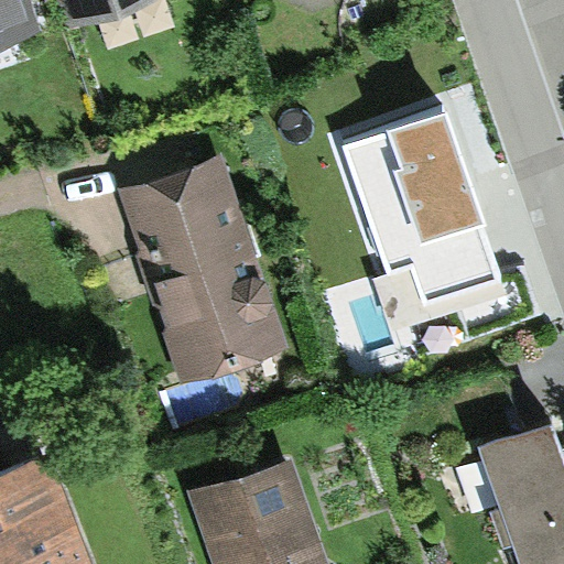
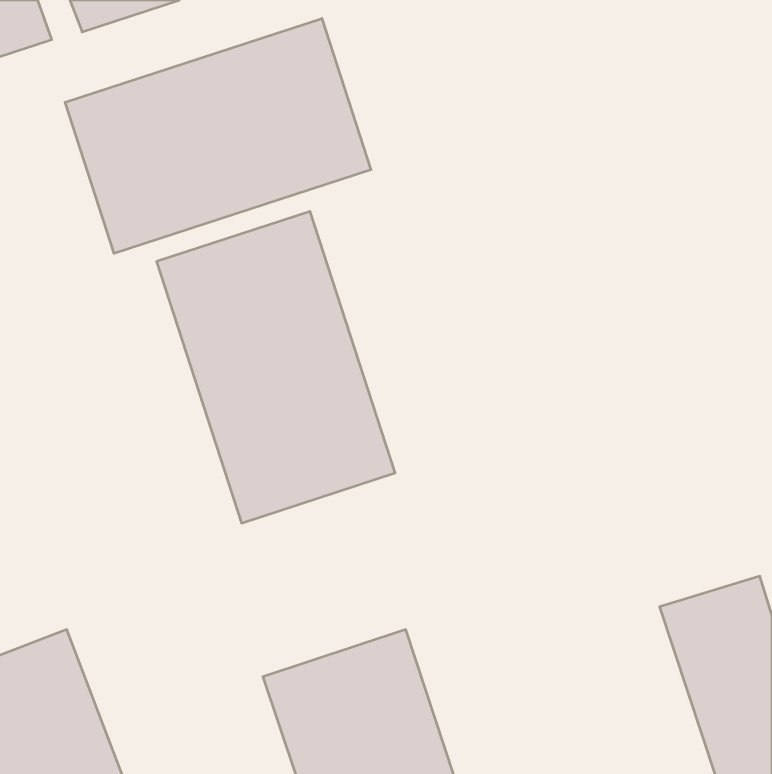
building: none -> [65,18,371,253]
building: [343,115,541,337] -> none

